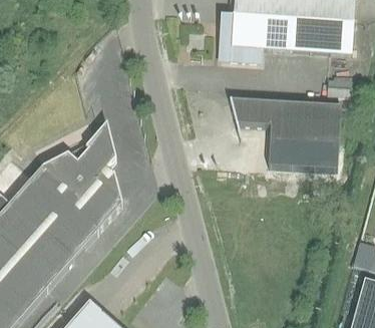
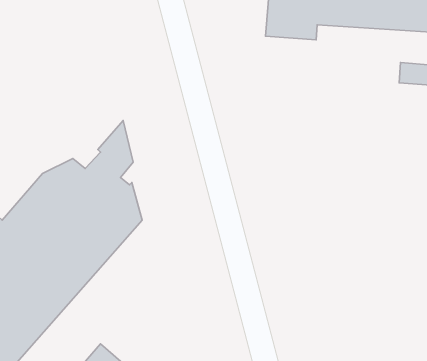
building: [229,97,341,169] -> none

